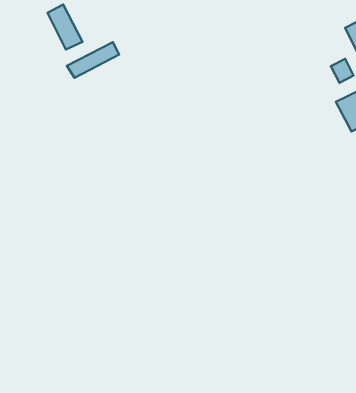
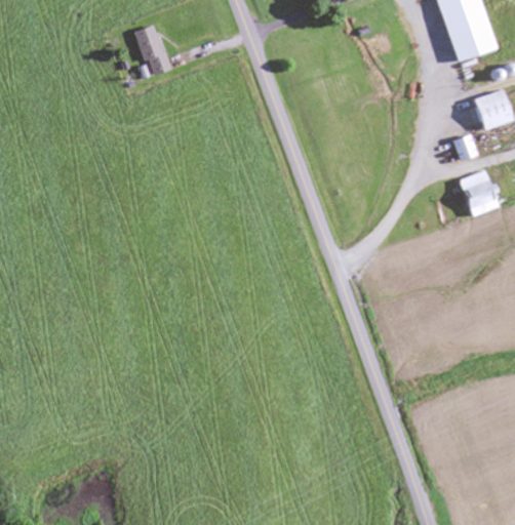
building: [67,42,119,78] -> none

